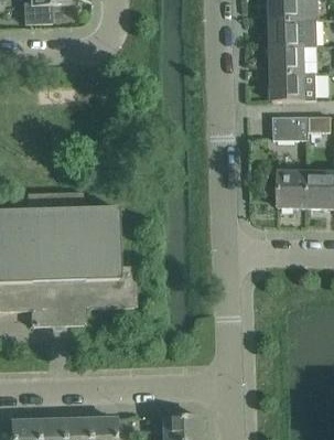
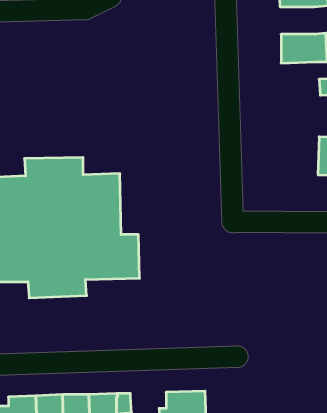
building: [270,46,304,73] -> none
building: [271,116,309,139] -> none
building: [277,171,308,207] -> none

